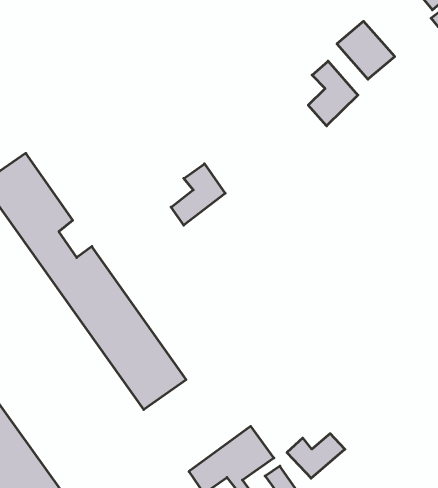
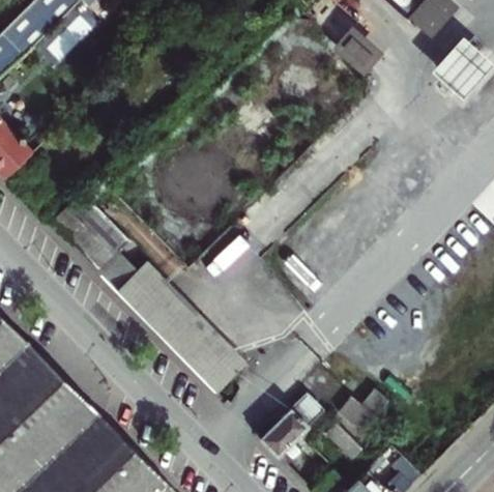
building: [308,61,358,126] -> none
building: [171,164,225,225] -> none

